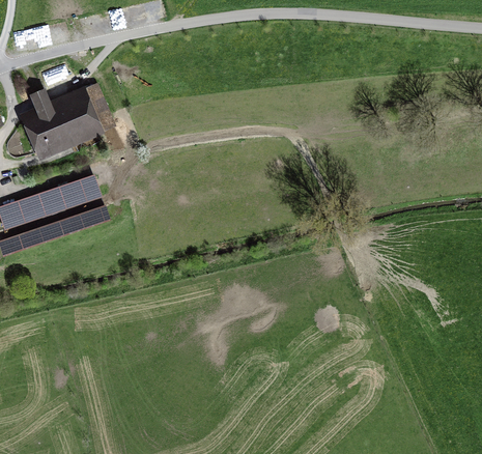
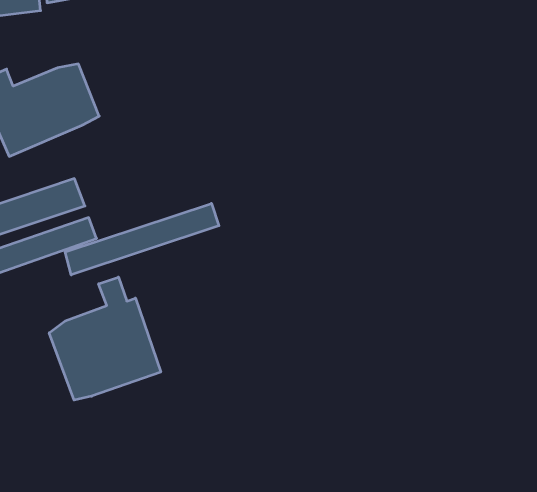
building: none -> [65,203,219,275]
building: none -> [49,277,161,400]

